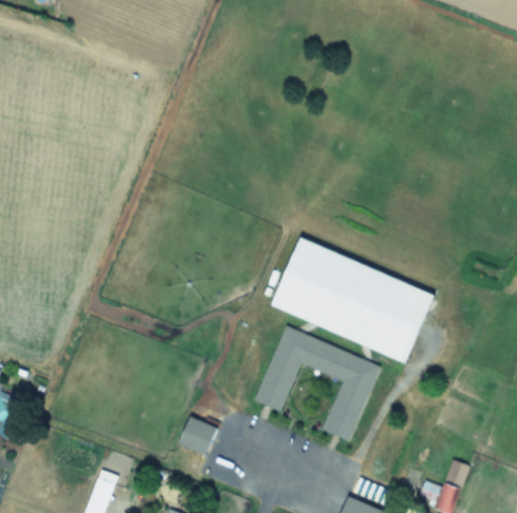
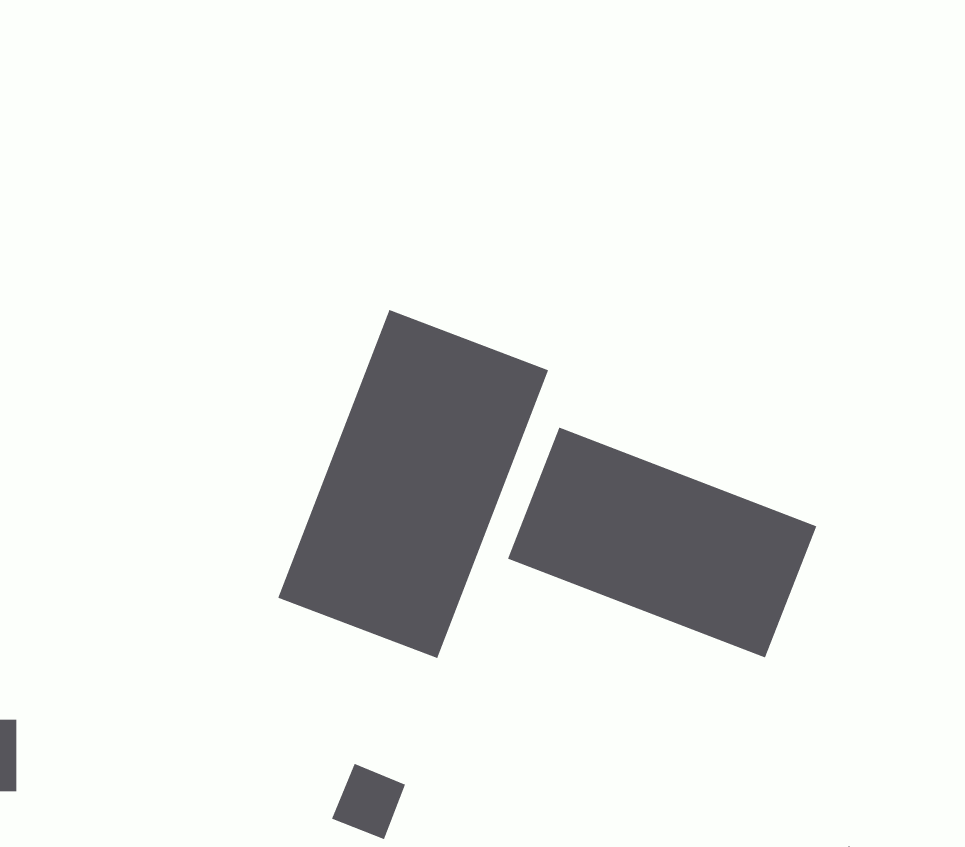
building: none -> [278,309,549,659]
building: [255,328,379,441] -> none

